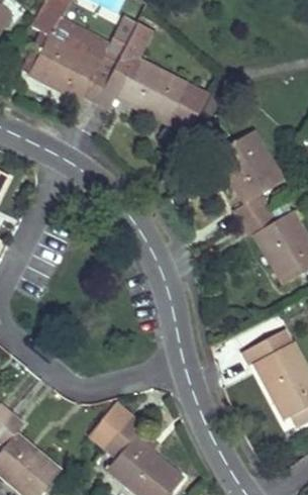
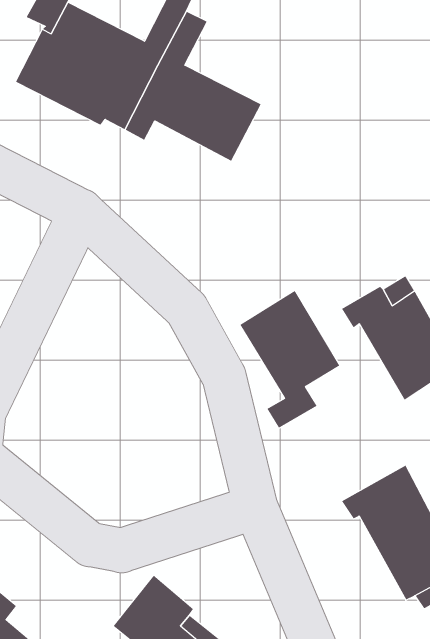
building: [168,85,209,132] -> none
building: [215,129,283,222] -> [239,290,340,428]

